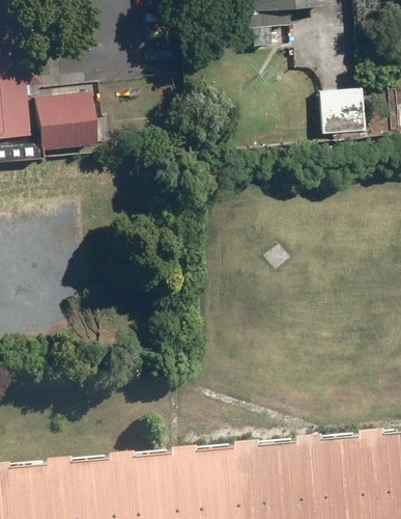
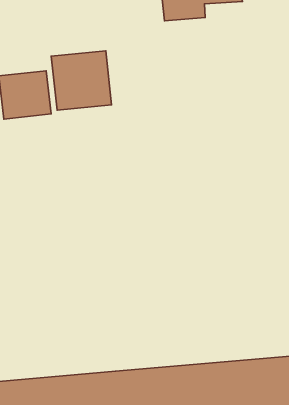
building: none -> [51,51,112,110]
building: [317,85,364,131] -> none

